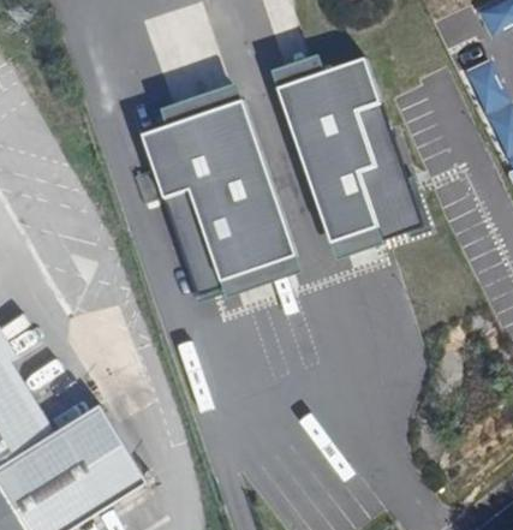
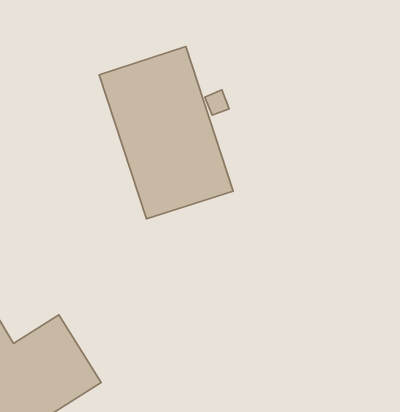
building: [274,52,423,255] -> none

